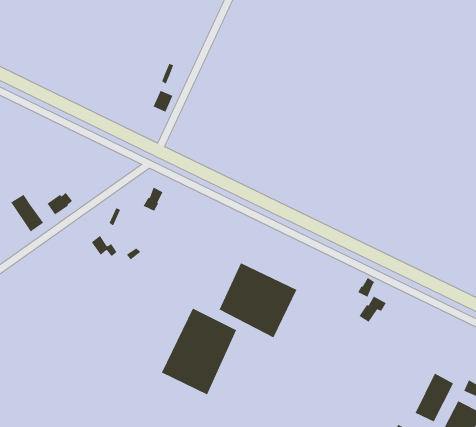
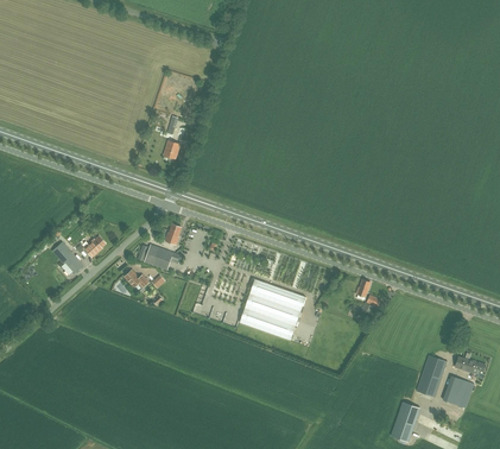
building: none -> [145,244,182,268]
building: [161,307,237,395] -> none

